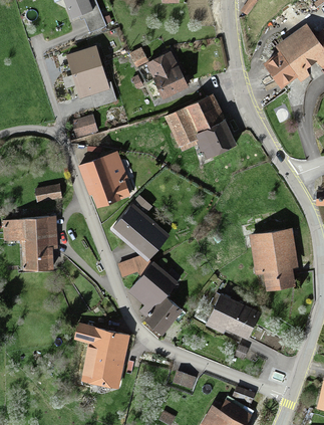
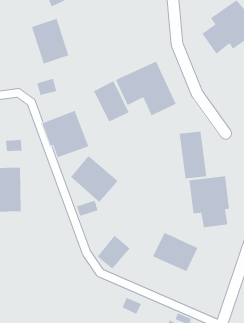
building: [144,50,187,98] -> [93,81,129,122]
building: none -> [179,131,207,179]
building: [128,261,177,310] -> none
building: [74,325,130,389] -> none

